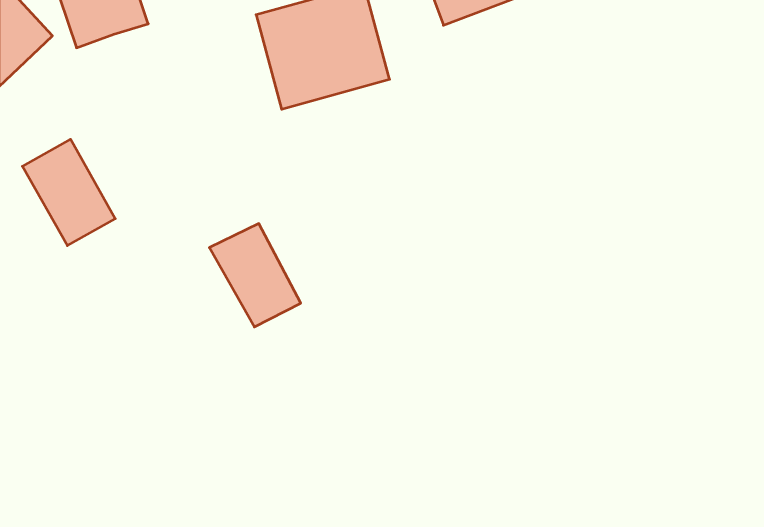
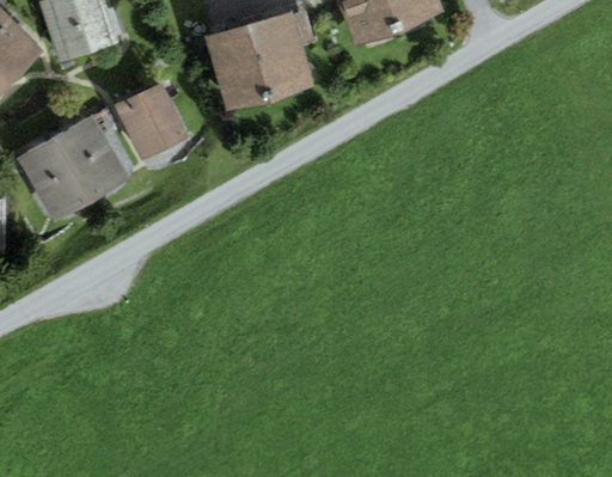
building: none -> [115,82,186,159]
building: [209,224,301,327] -> [56,117,129,200]

